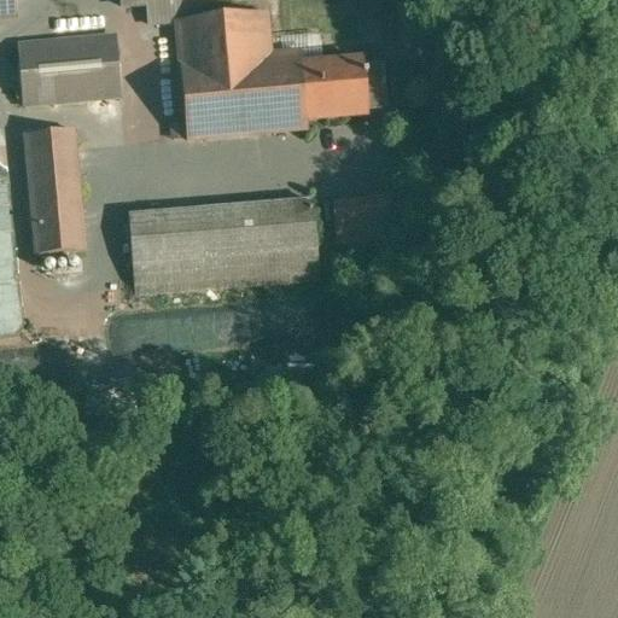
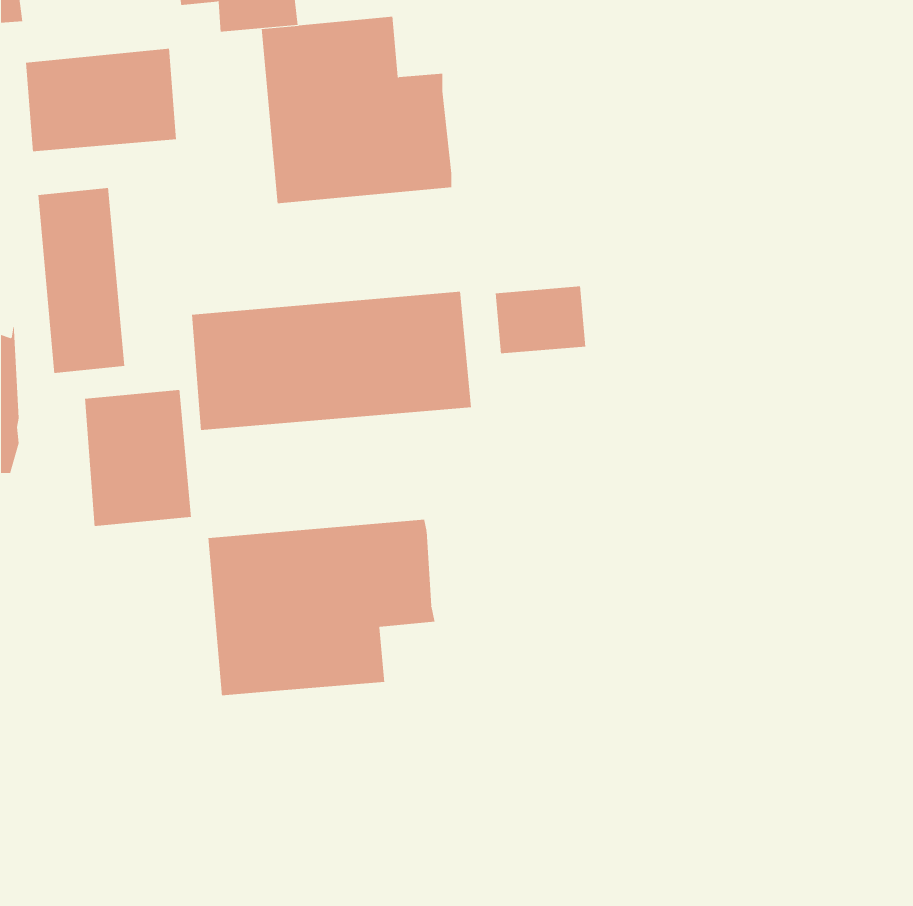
building: [299,57,366,117] -> none
building: none -> [85,389,191,527]
building: none -> [208,519,435,696]

